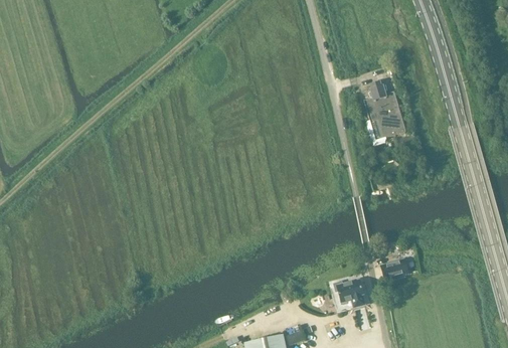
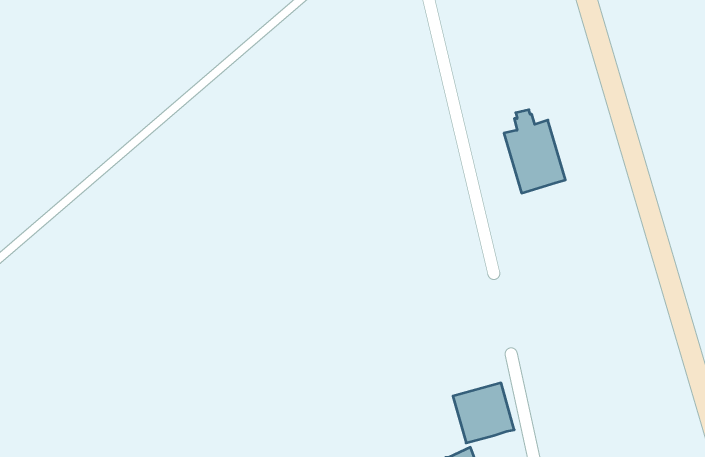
building: [381,255,408,277] -> none

